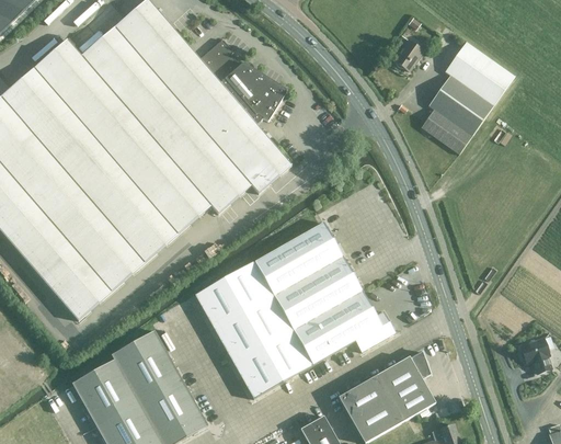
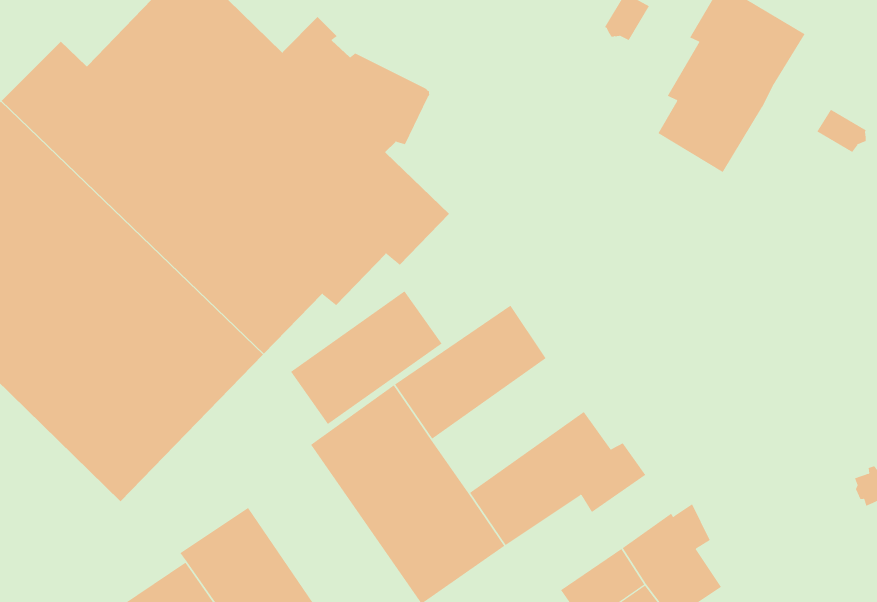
building: none -> [817,109,866,153]
building: [268,257,362,333] -> [290,290,442,425]

